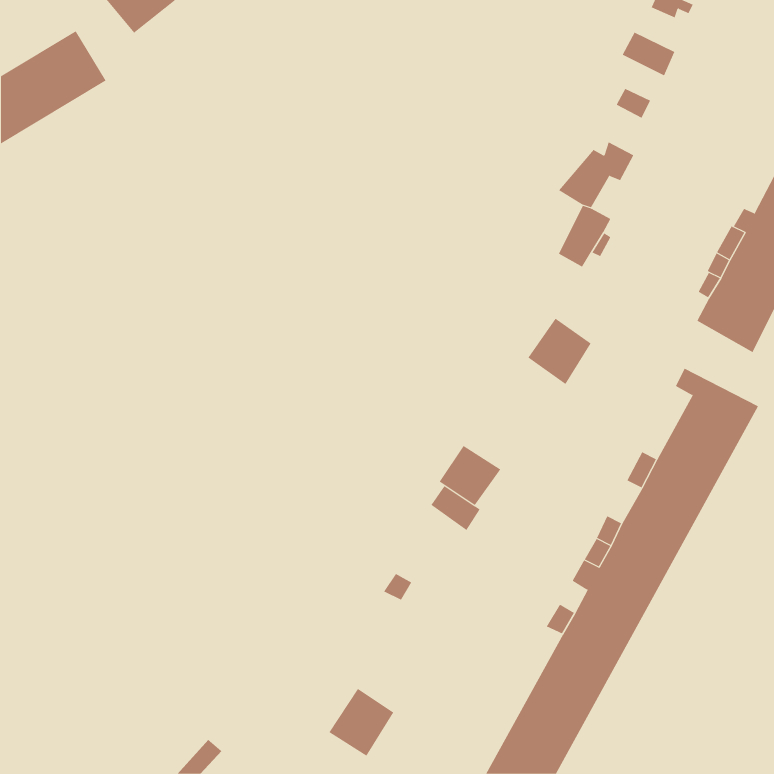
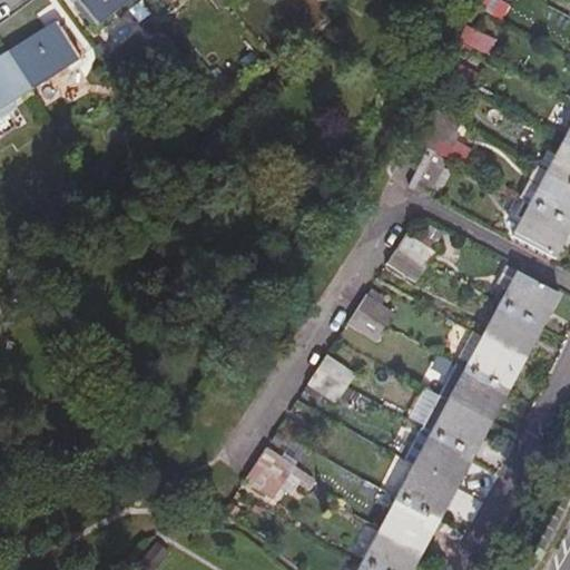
building: [439,445,501,506] -> [350,295,395,340]
building: [329,688,394,757] -> [245,448,293,498]

